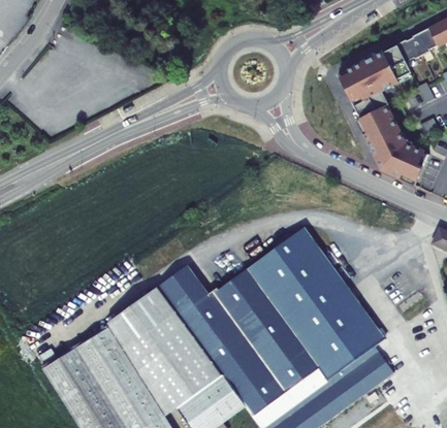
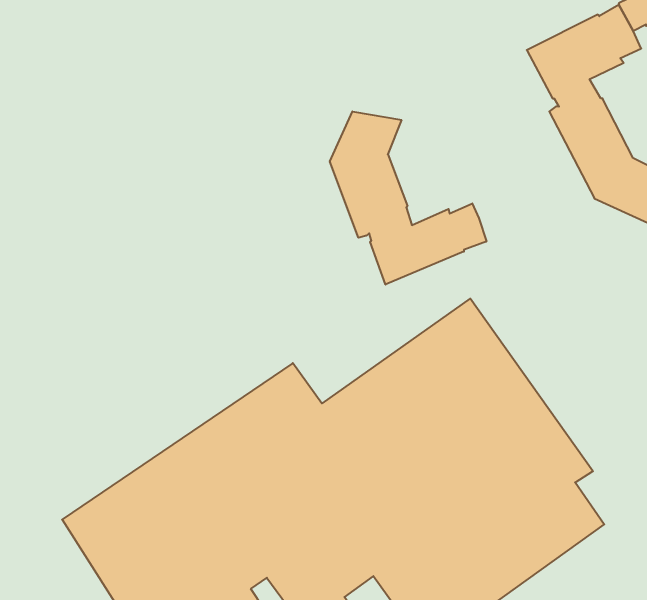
building: none -> [330,111,486,285]

